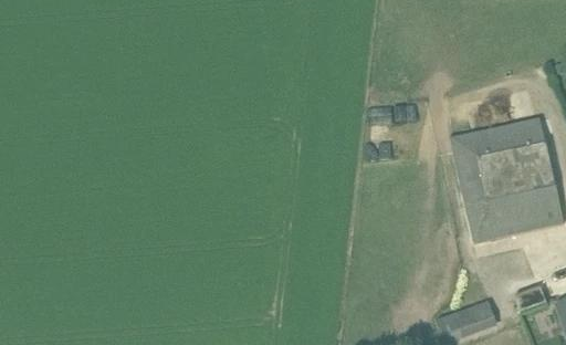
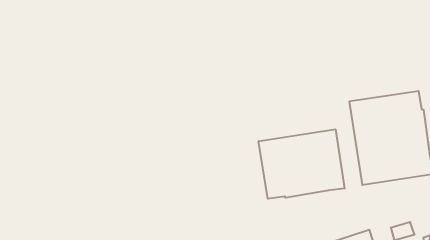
building: none -> [259,129,344,199]

